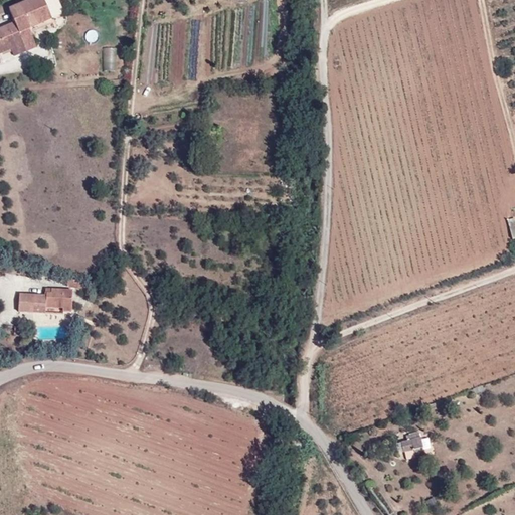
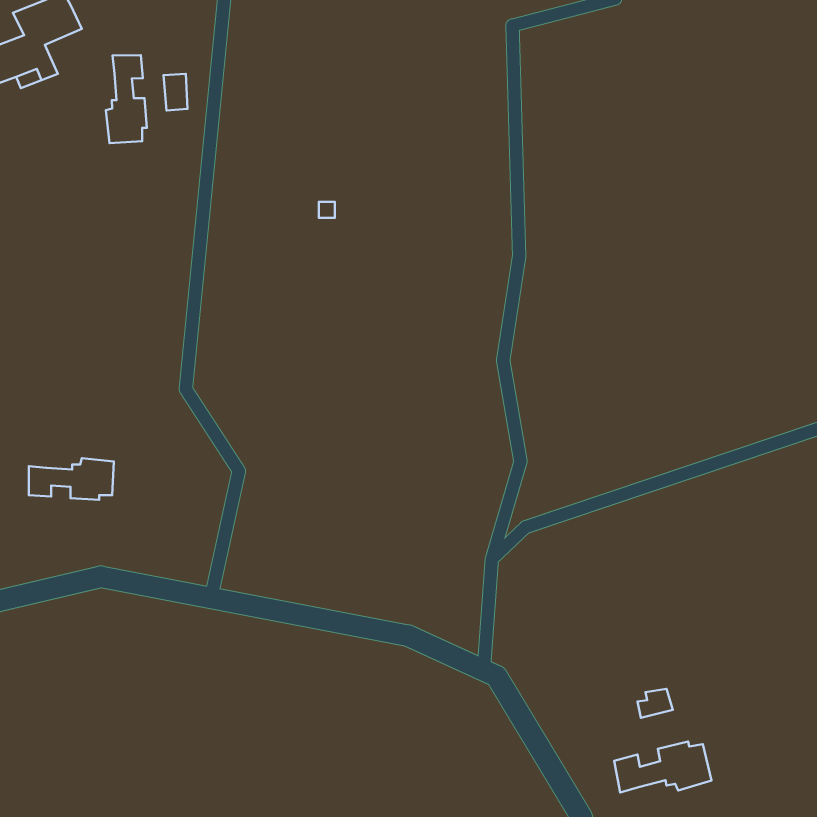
building: none -> [106,55,147,143]
building: none -> [614,741,712,792]

